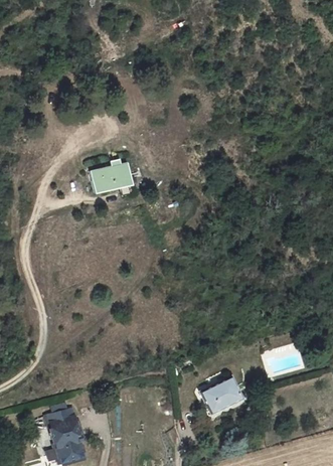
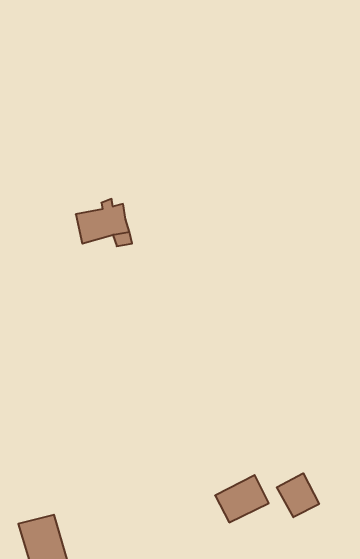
building: none -> [277,473,319,517]

